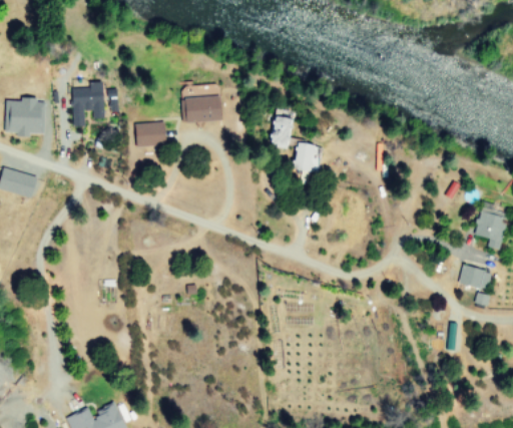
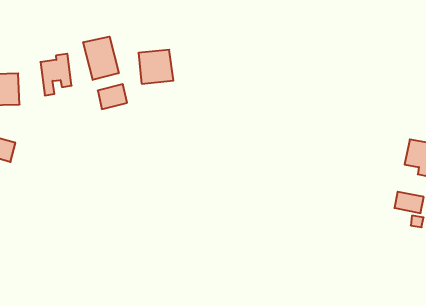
building: none -> [83,37,119,80]
building: [267,107,297,148] -> none
building: [294,143,322,169] -> none

